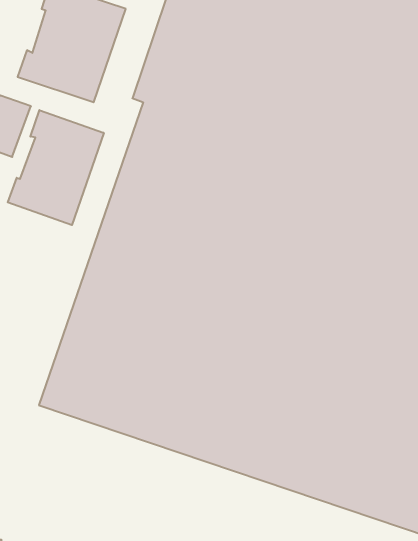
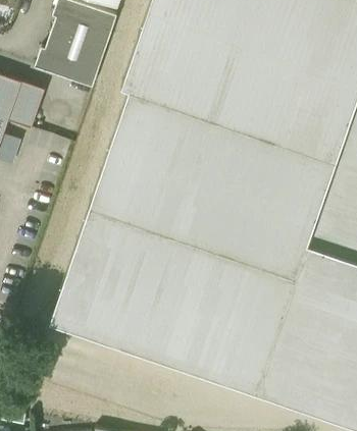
building: [8,110,104,225] -> none

